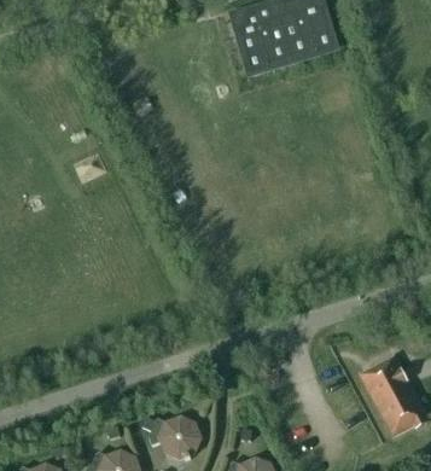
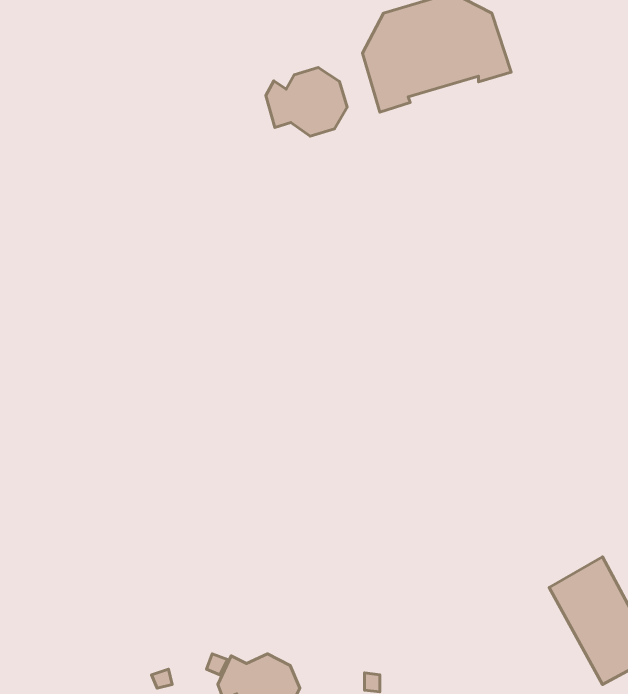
building: none -> [266,67,347,136]

